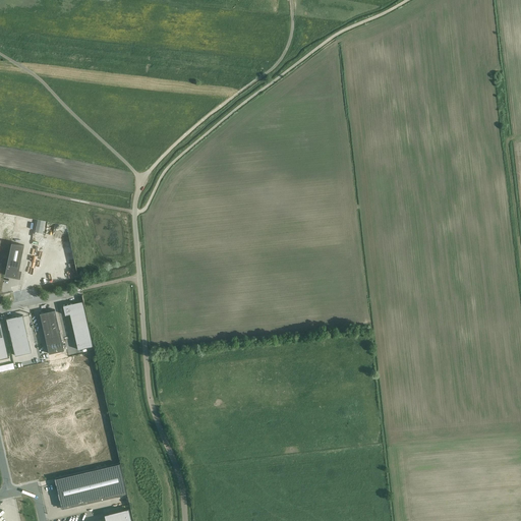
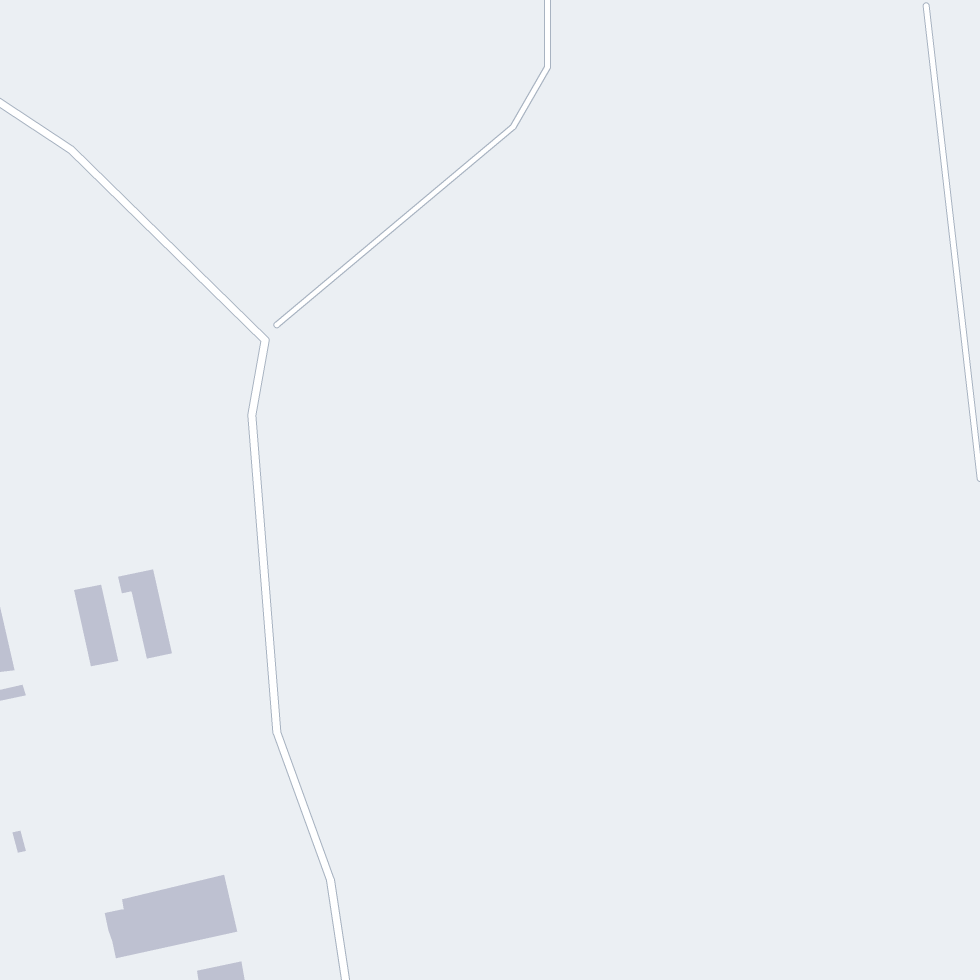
building: [4,243,23,278] -> none
building: [5,315,30,356] -> none

